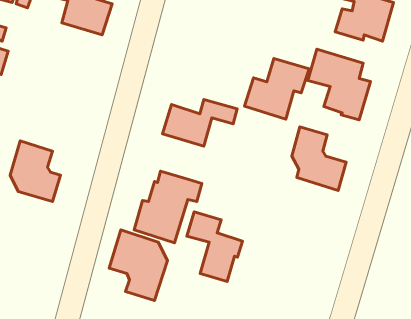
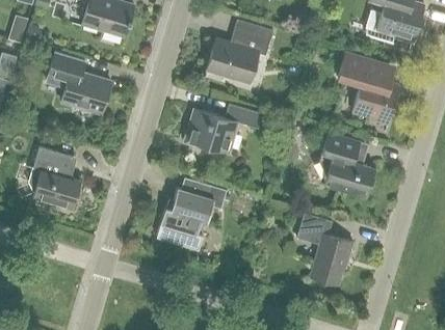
building: none -> [48,52,111,113]
building: [245,59,309,119] -> [207,20,273,82]
building: [187,212,242,281] -> [296,213,354,284]
building: [109,230,168,300] -> none

